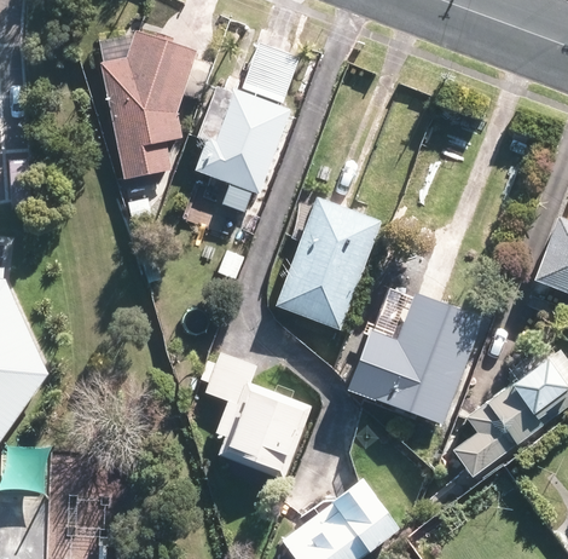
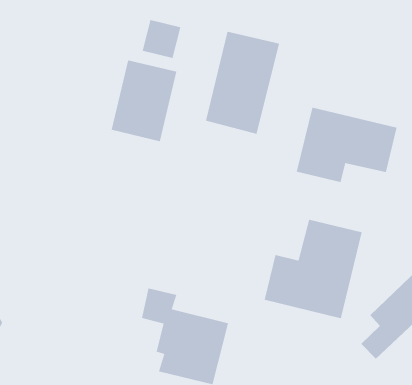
building: [105,34,192,175] -> none
building: none -> [296,107,397,183]
building: [280,201,377,324] -> [205,31,280,134]

